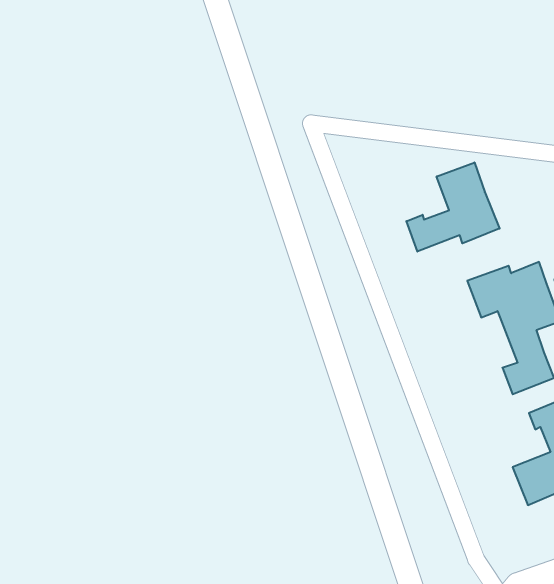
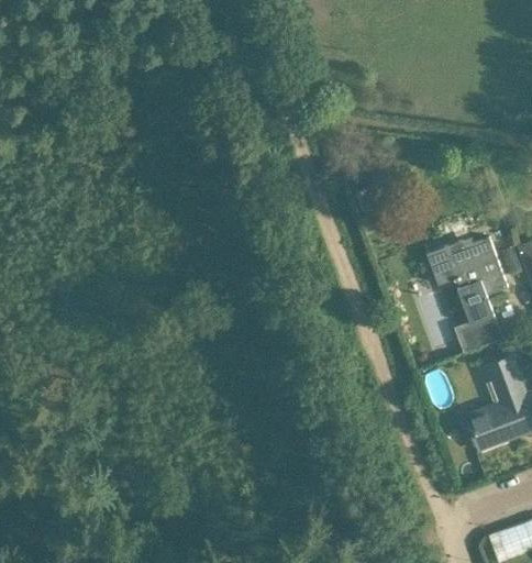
building: [406,162,500,252] -> none

